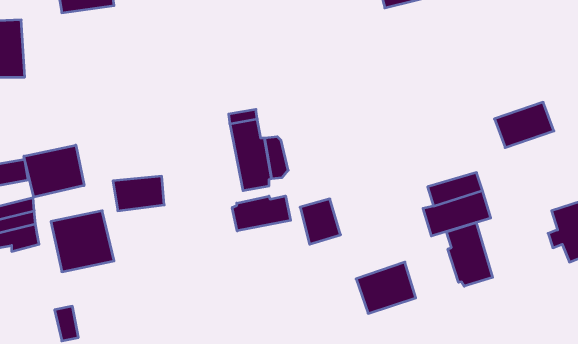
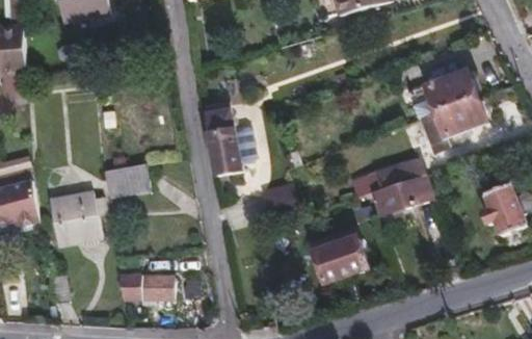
building: none -> [427,64,478,112]
building: [24,145,84,197] -> none
building: [232,196,291,231] -> none
building: [447,222,493,286] -> none
building: none -> [119,273,172,301]

